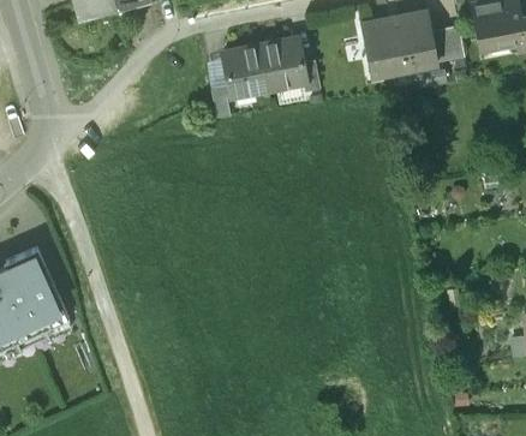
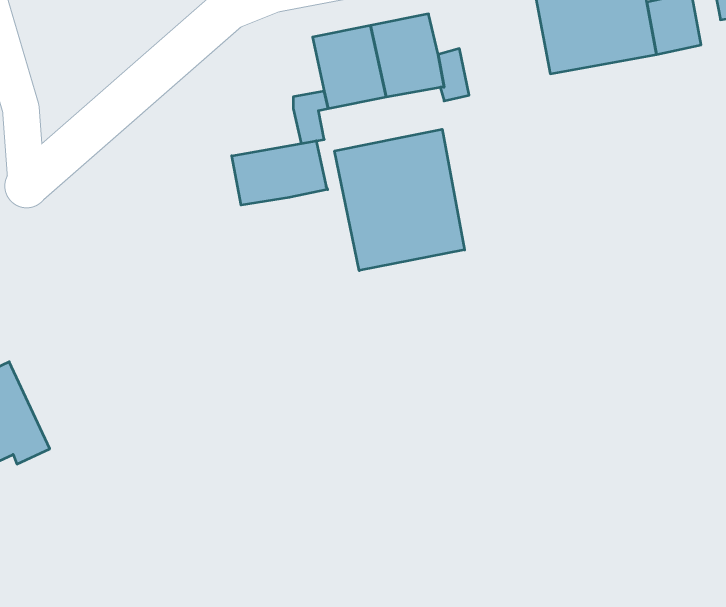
building: none -> [335,129,465,271]
building: none -> [232,141,328,205]

